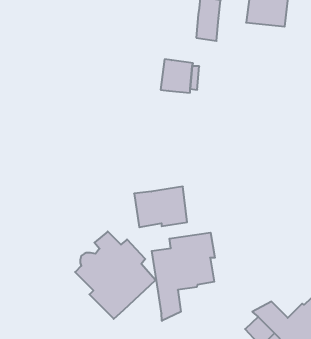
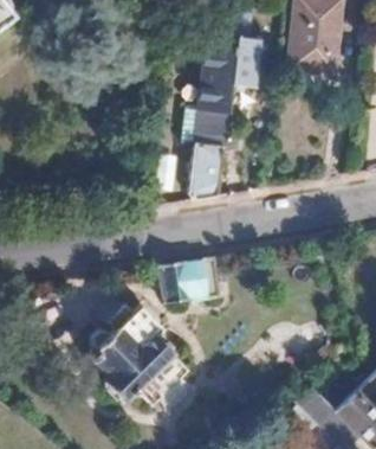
building: none -> [202,44,234,110]
building: none -> [193,142,223,197]
building: [152,233,215,321] -> none

